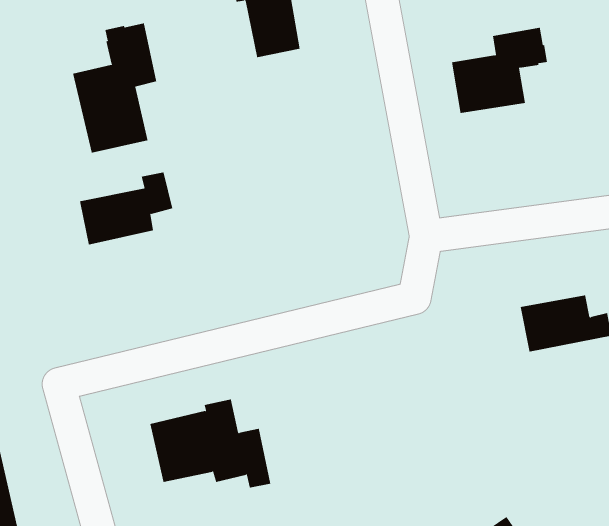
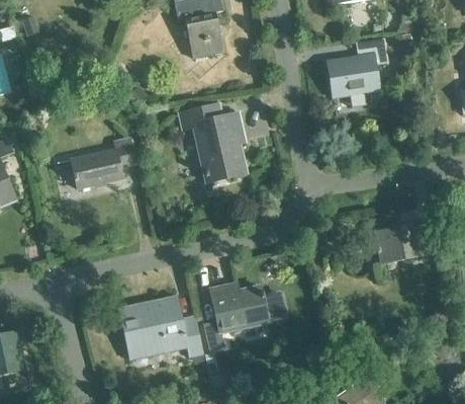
building: [73,22,157,153] -> none
building: none -> [179,102,245,182]
building: none -> [202,285,287,349]

